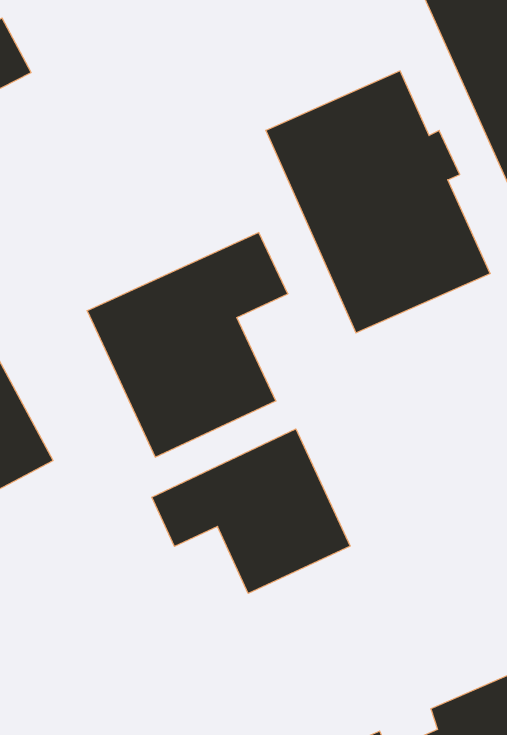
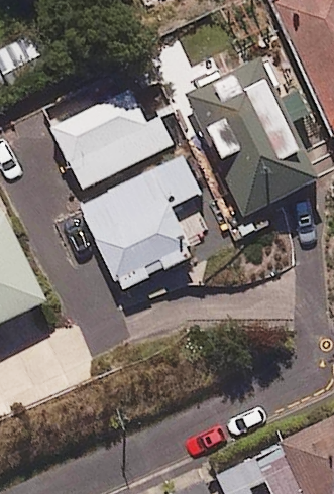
building: none -> [51,87,172,189]
building: [152,429,350,593] -> none

